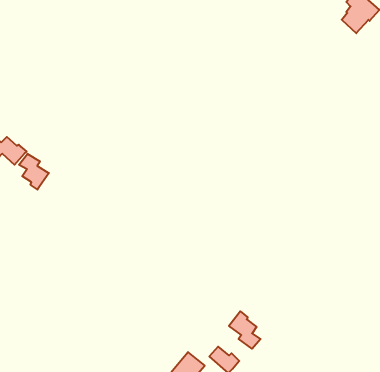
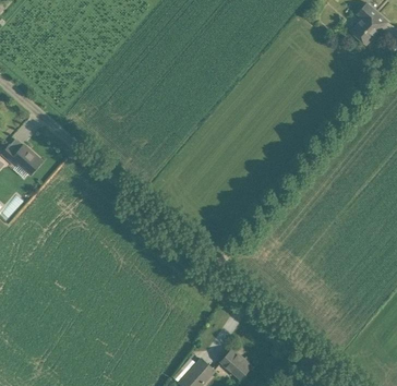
building: [19,154,49,190] -> none
building: [229,311,261,349] -> none

